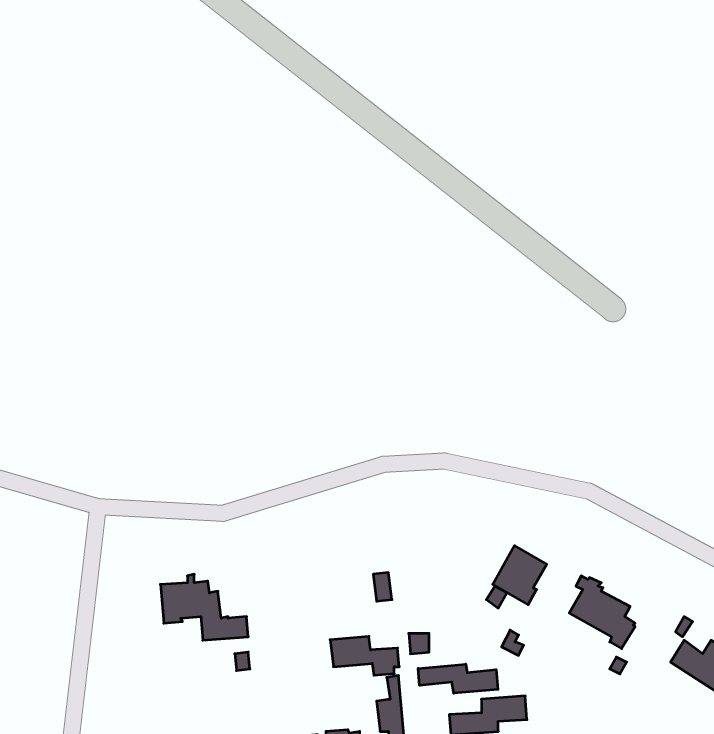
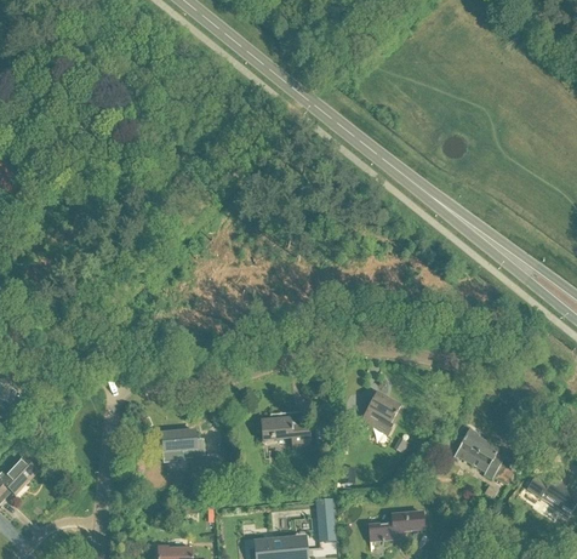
building: [493,546,547,605] -> [361,390,400,433]
building: [330,636,399,675] -> [259,417,309,445]
building: [418,664,498,693] -> none

